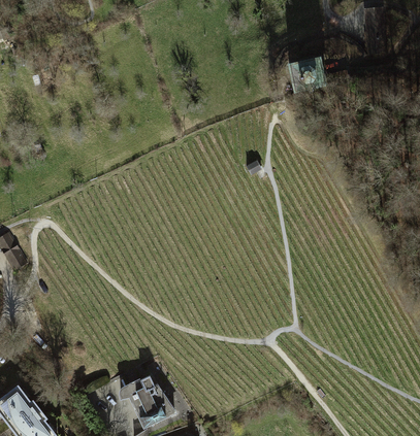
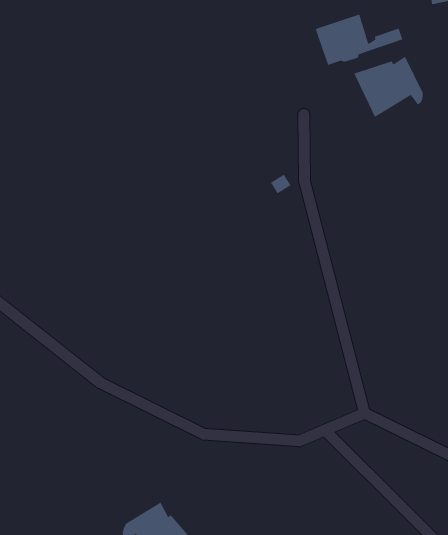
building: none -> [353,56,423,118]

